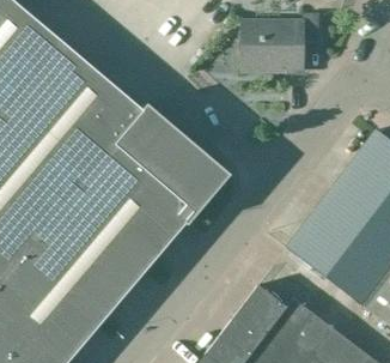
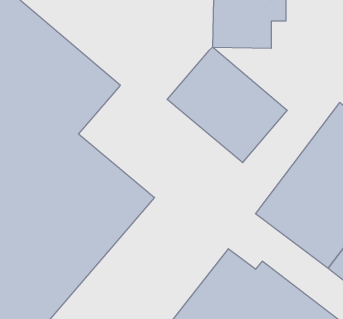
building: [99,109,226,231] -> [167,47,287,163]

